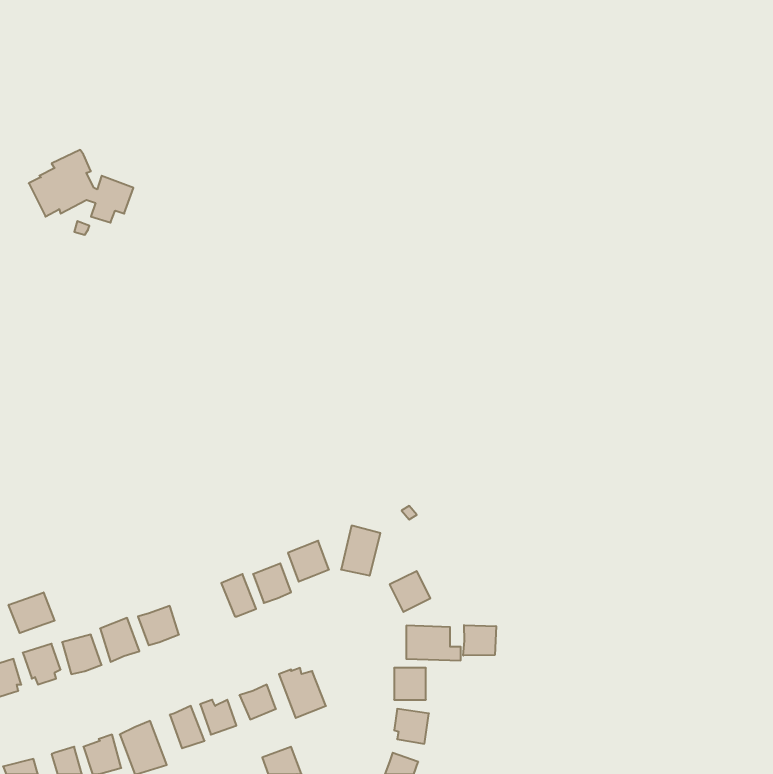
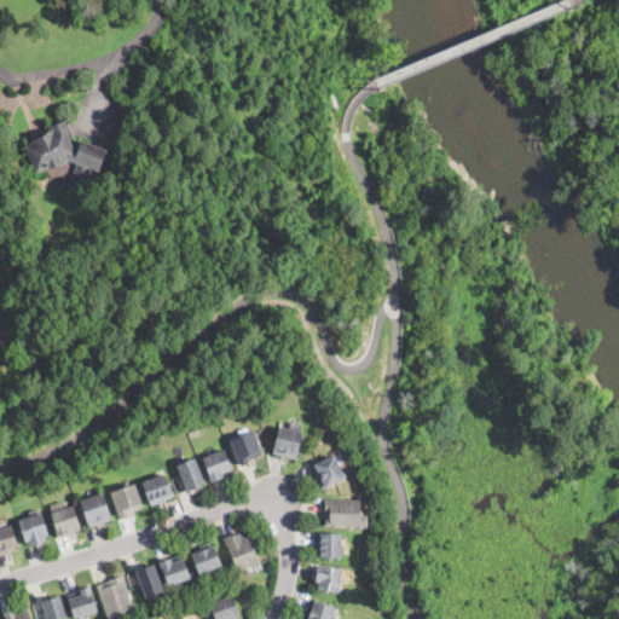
building: [9,592,55,633] -> none
building: none -> [141,474,173,507]
building: [463,625,496,656] -> none

